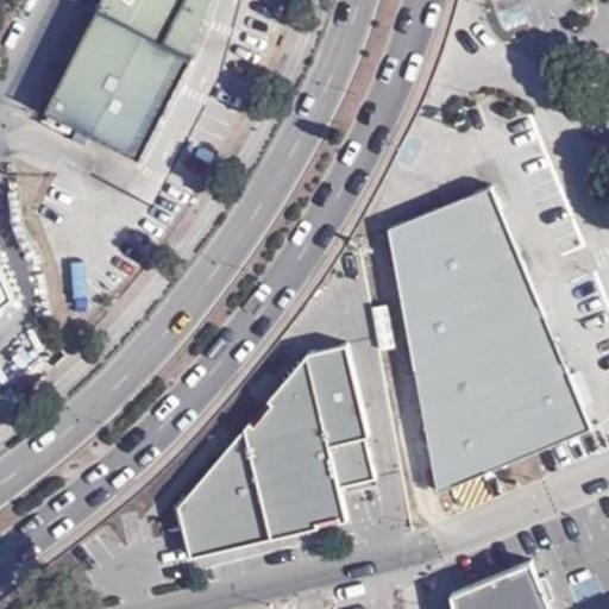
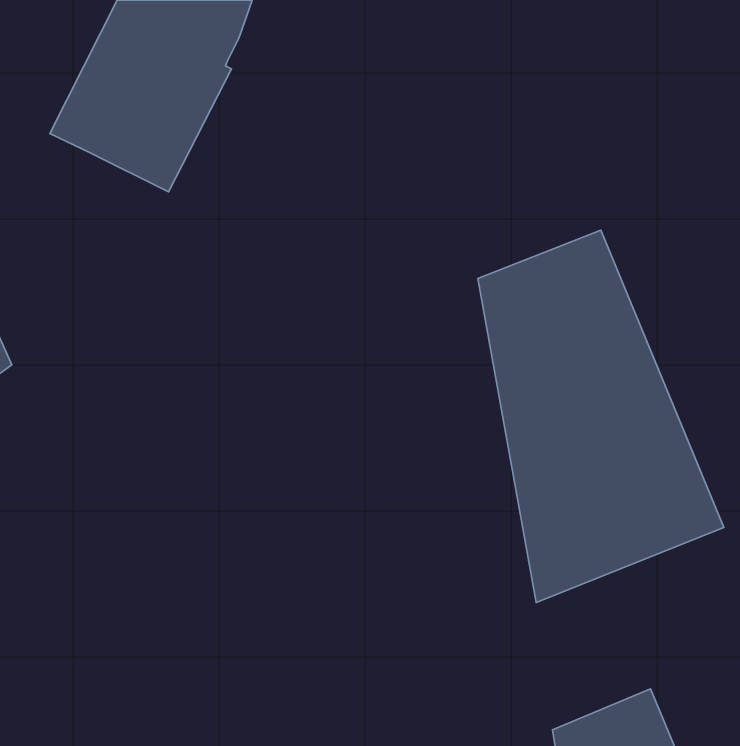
building: [172,344,369,564] -> none

